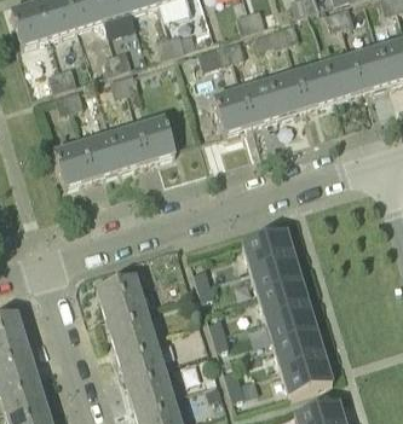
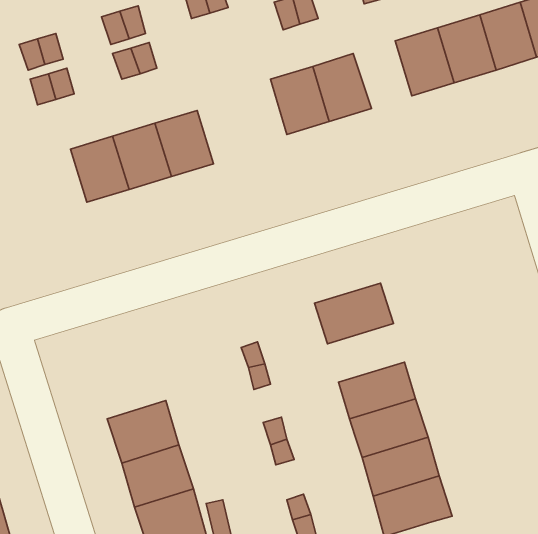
building: [267,69,306,114] -> none
building: [53,140,92,184] -> none
building: [251,255,301,294] -> none
building: [97,275,154,318] -> none

